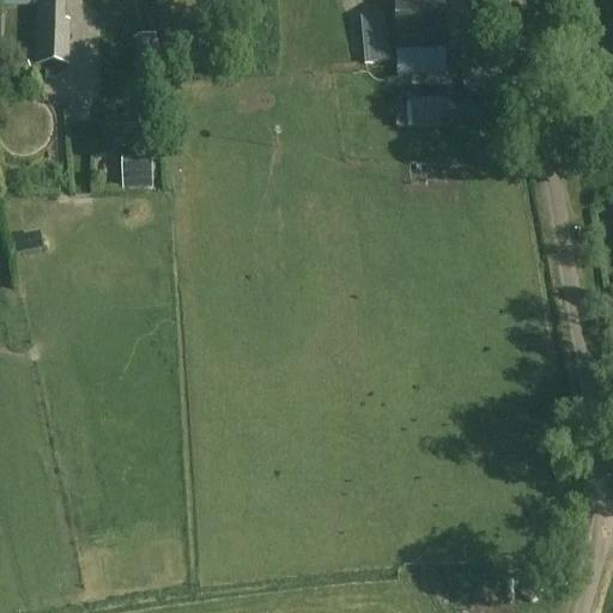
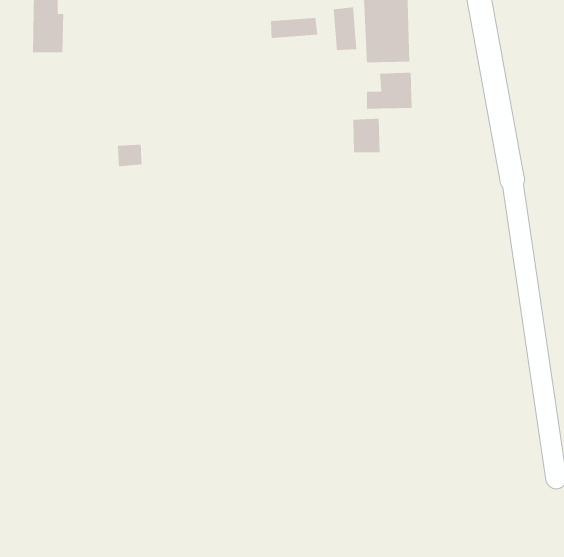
building: none -> [270,17,318,39]
building: none -> [352,118,380,153]

